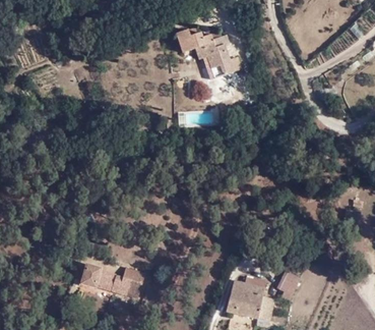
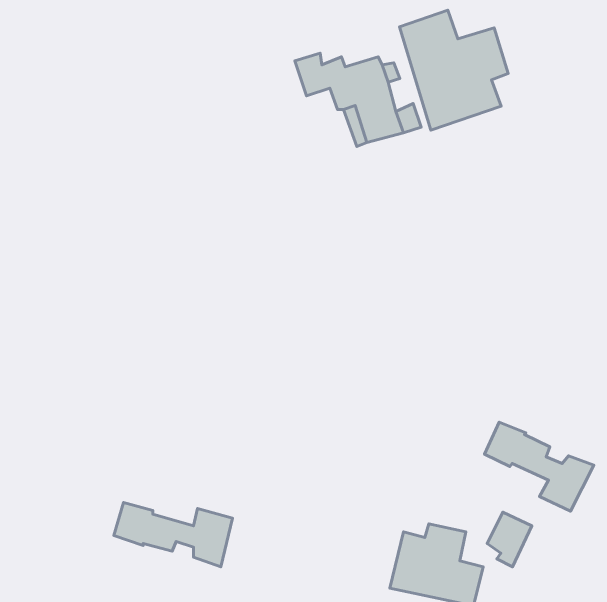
building: none -> [399,10,508,130]
building: none -> [484,422,594,511]

